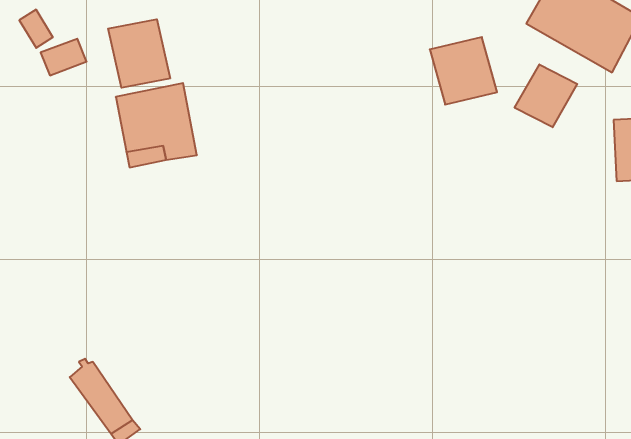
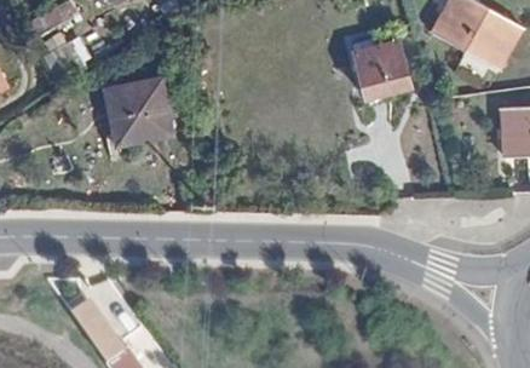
building: [108,19,170,88] -> none
building: [515,64,577,127] -> none

